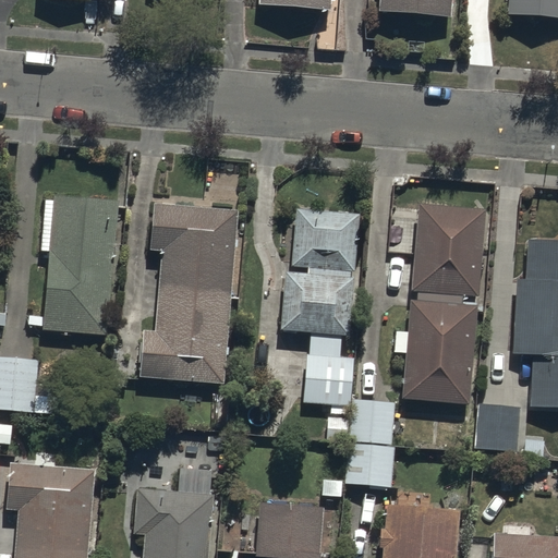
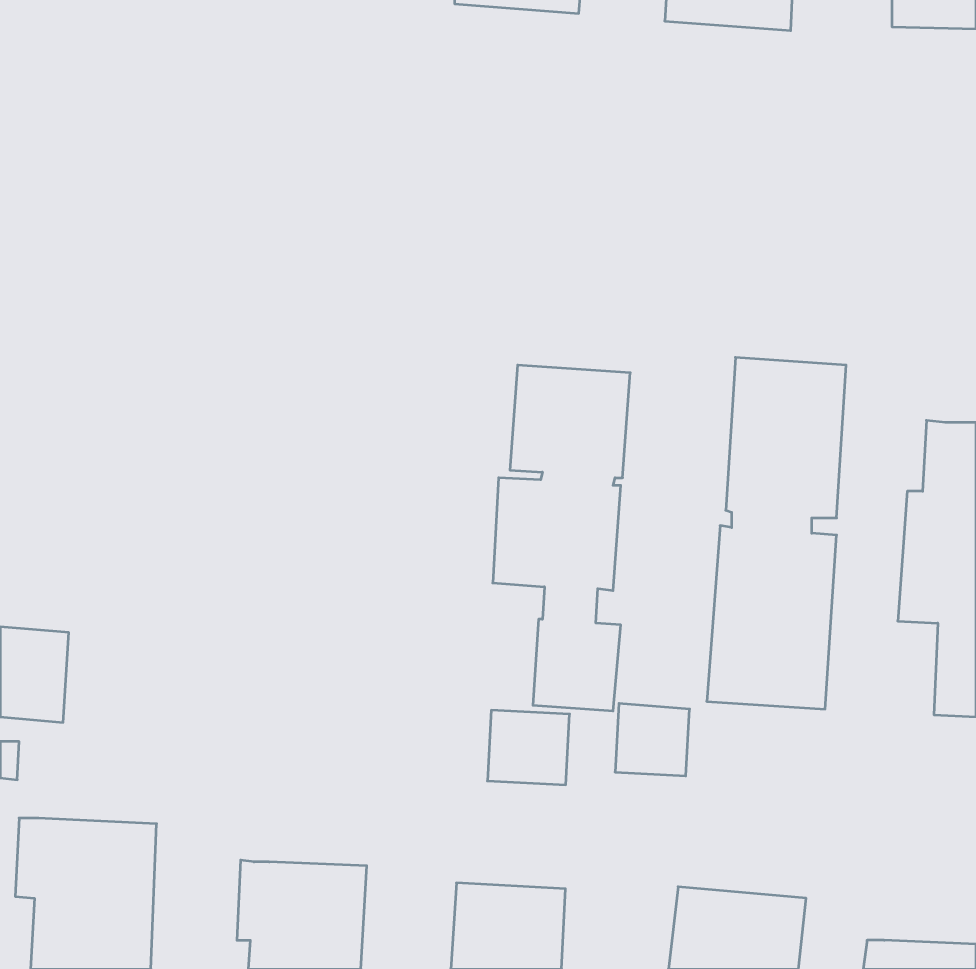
building: [43,197,118,337] -> none
building: [141,205,235,384] -> none
building: [475,404,521,452] -> none
building: [347,446,393,488] -> [487,710,570,785]

